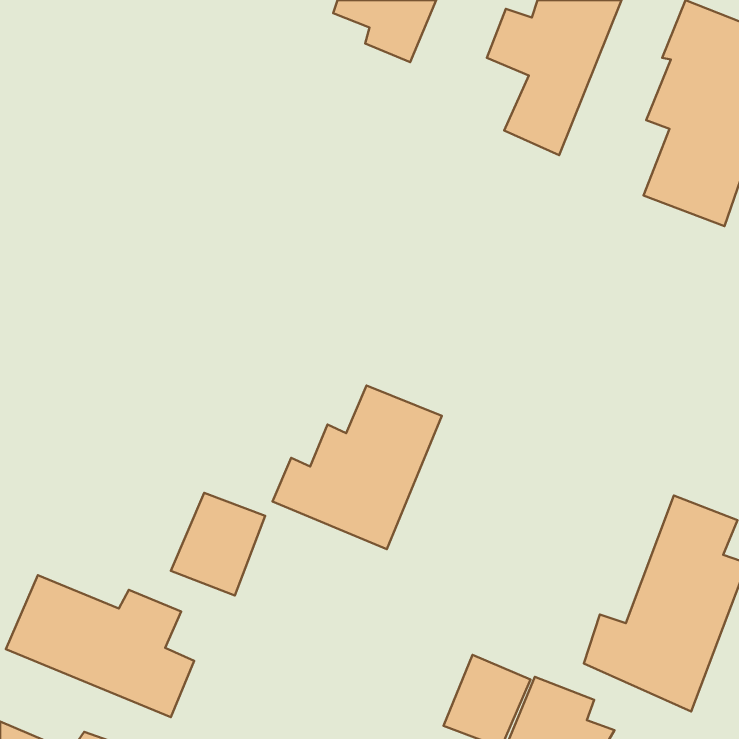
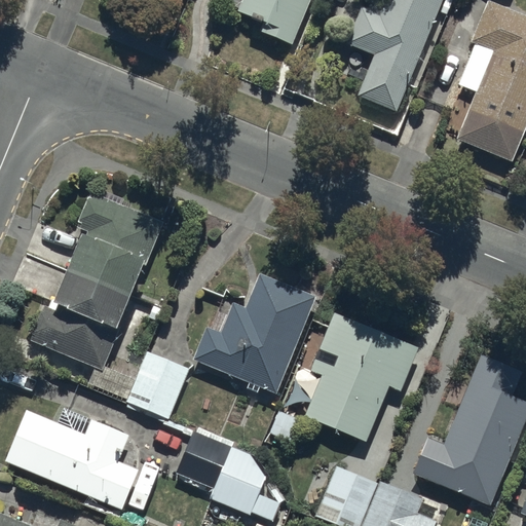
building: none -> [30,192,163,369]
building: none -> [304,312,418,441]
building: none -> [176,427,288,519]

